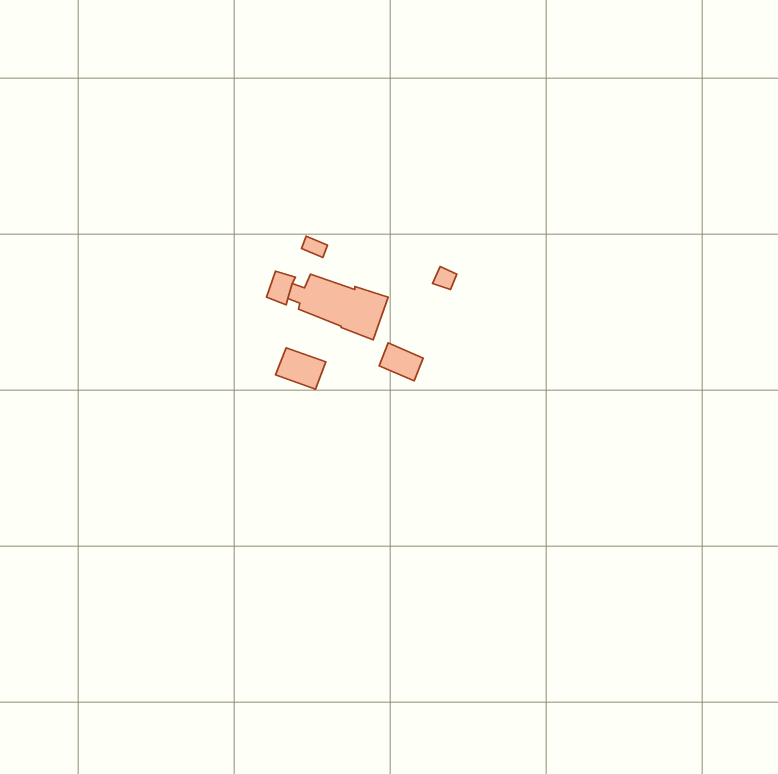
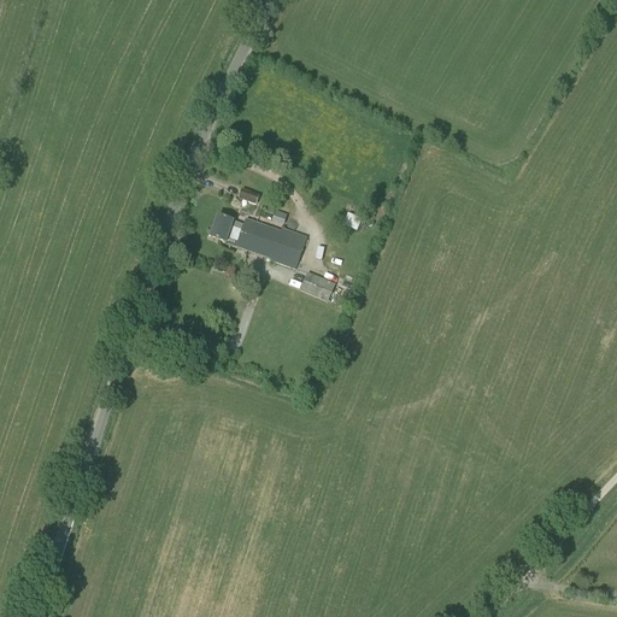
building: [276,348,326,389] -> none

